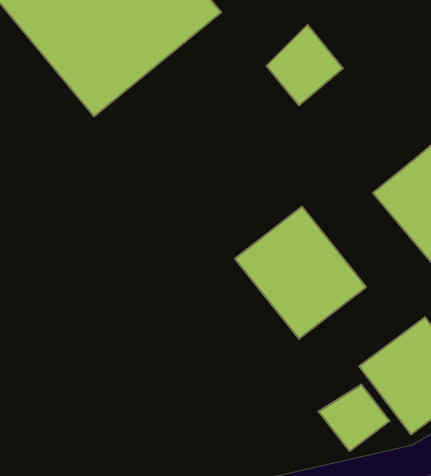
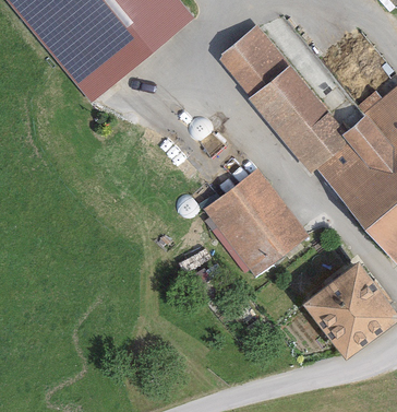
building: none -> [252,61,346,161]
building: [318,384,390,451] -> none

